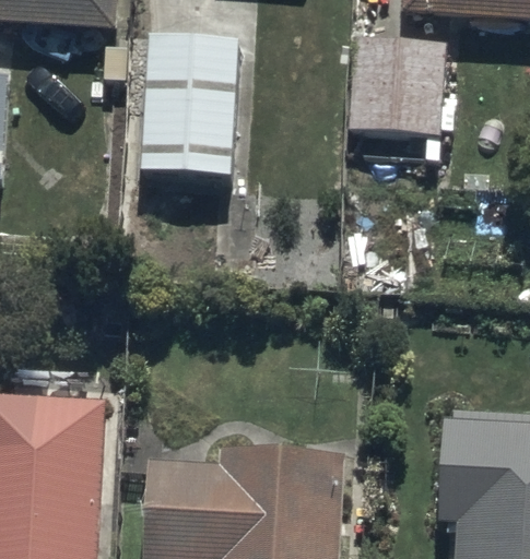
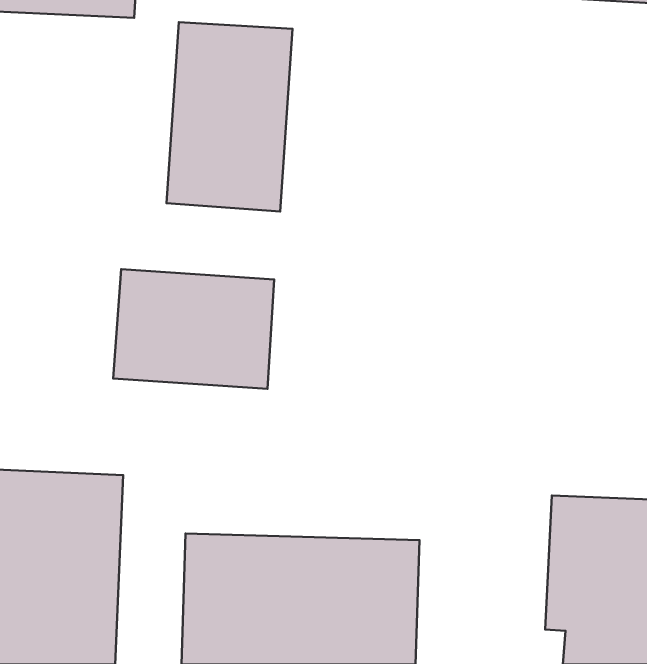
building: [351,45,446,139] -> none
building: none -> [113,269,274,389]

